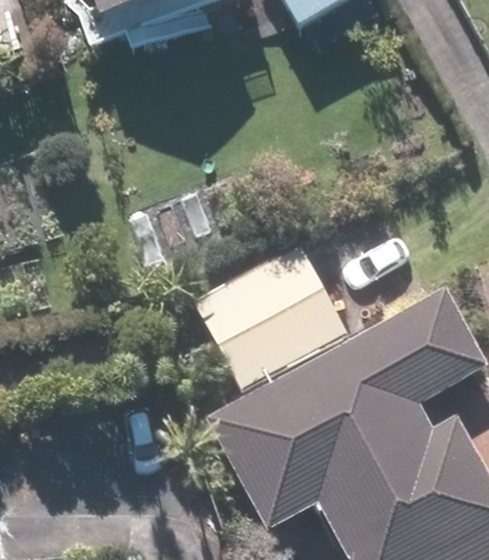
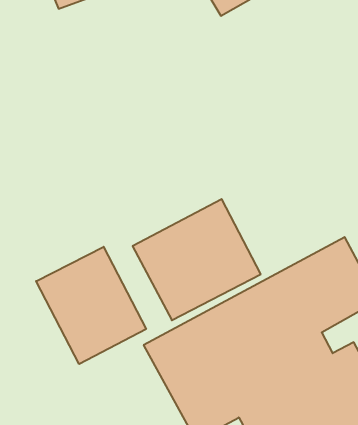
building: none -> [36,247,146,364]

